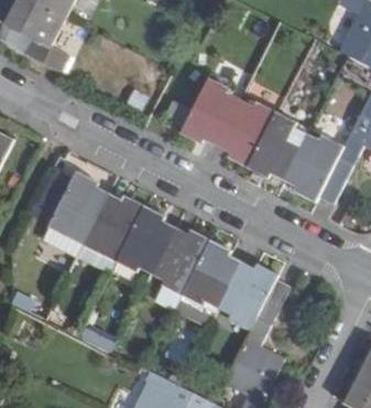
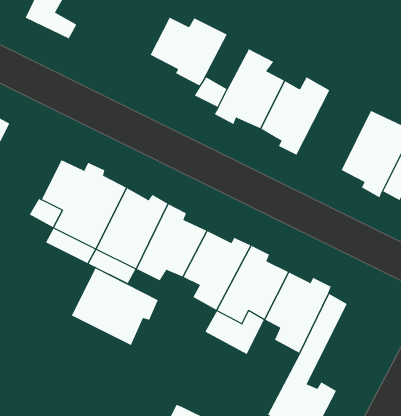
building: none -> [150,17,228,86]
building: [248,111,308,178] -> none
building: none -> [71,267,159,346]

